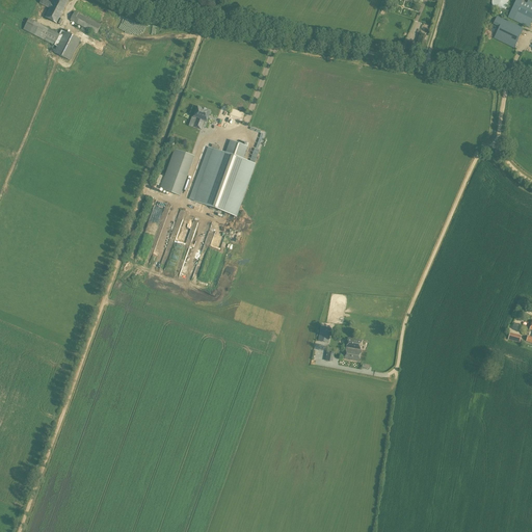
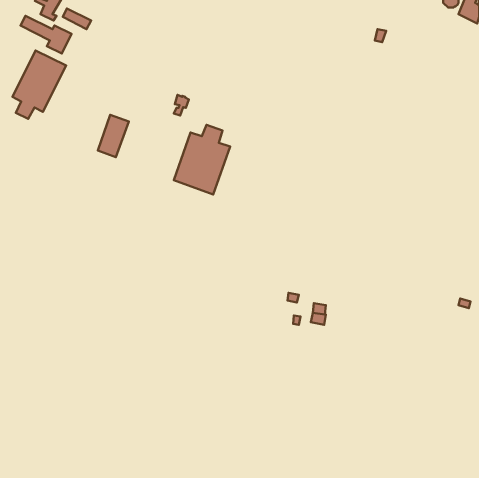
building: [486,14,522,46] -> none
building: none -> [13,51,66,119]
building: [159,148,193,194] -> [98,115,129,157]

